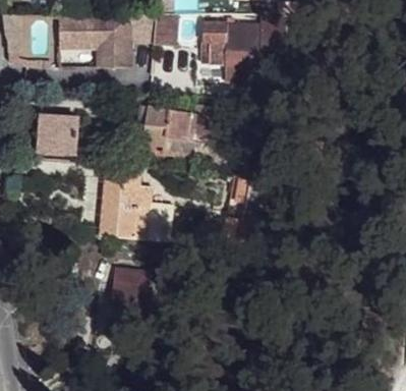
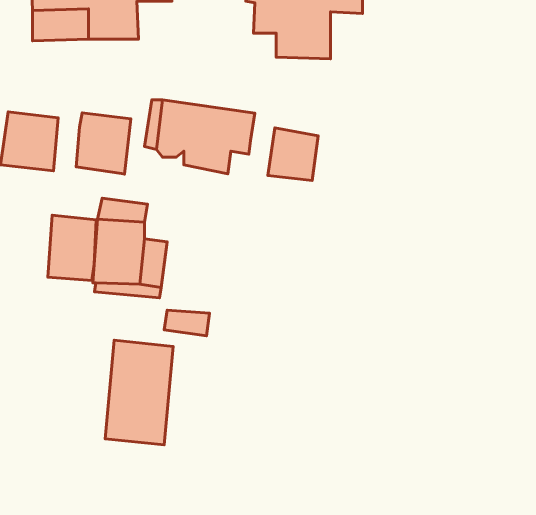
building: none -> [76,113,131,174]
building: none -> [268,128,318,180]
building: none -> [48,215,96,281]

